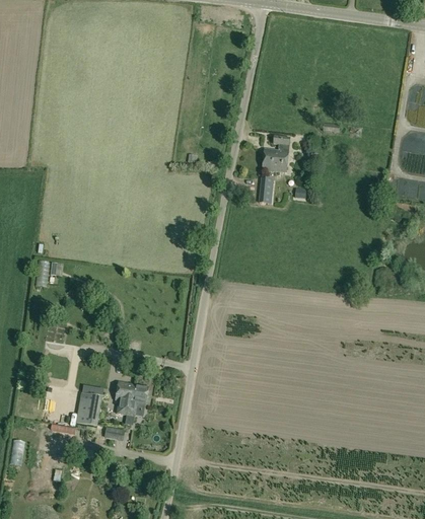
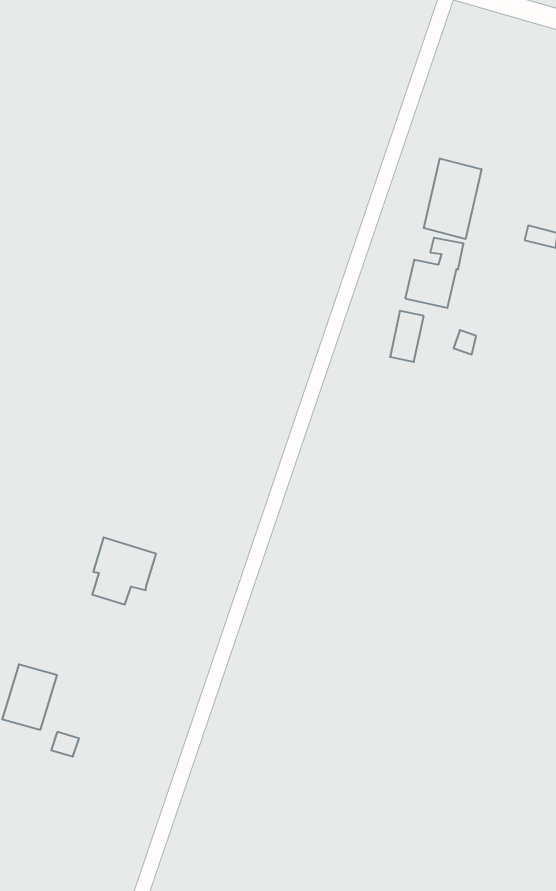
building: none -> [424,158,481,239]
building: [116,381,148,416] -> [92,537,156,605]

